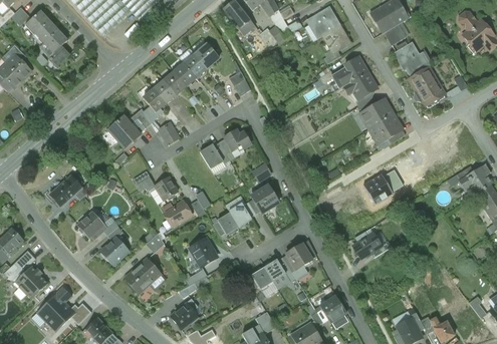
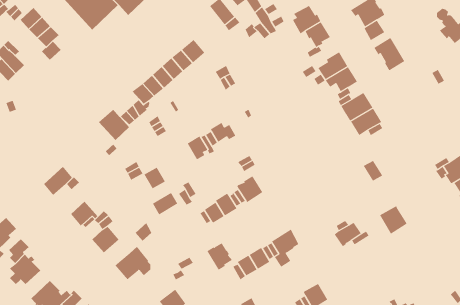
building: [409,67,444,105] -> none
building: [363,173,393,203] -> [379,205,407,234]
building: [190,237,217,266] -> [207,242,233,271]

